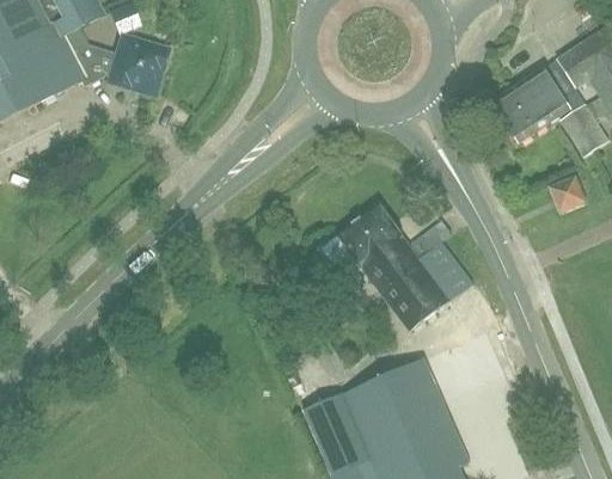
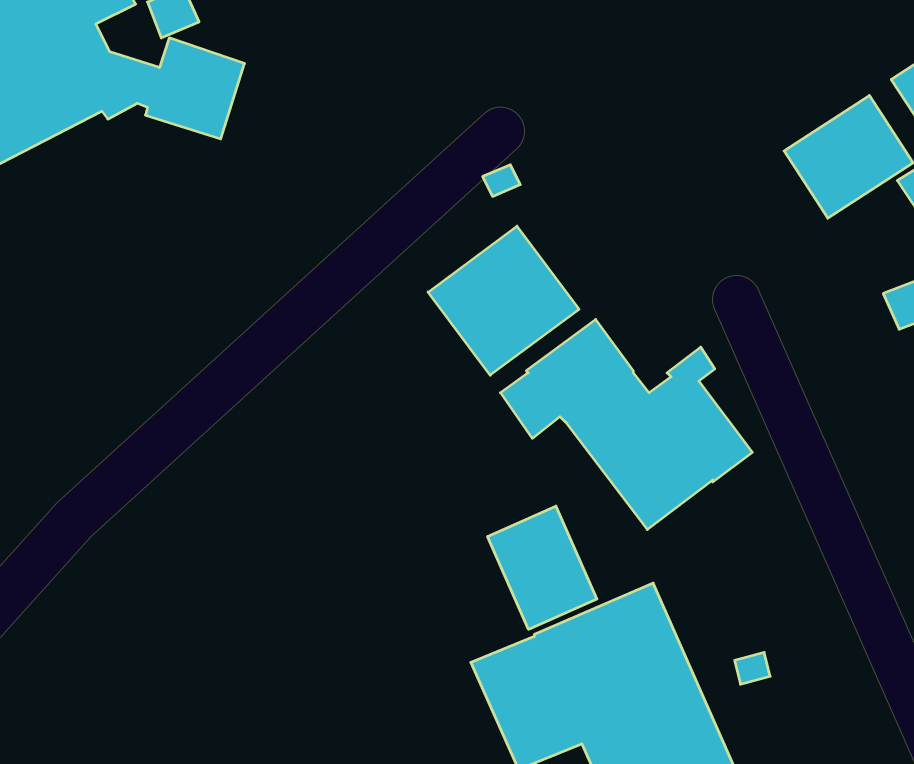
building: none -> [428,226,579,375]
building: none -> [488,506,597,629]

